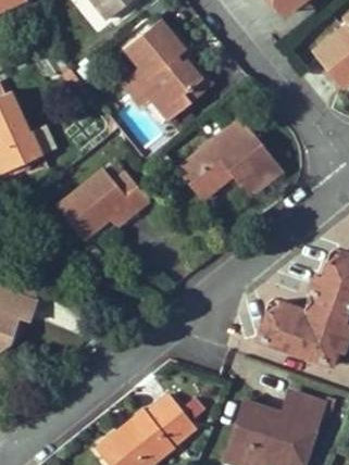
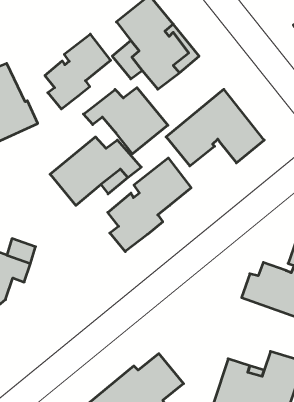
building: none -> [45,34,111,109]
building: none -> [83,88,168,154]
building: none -> [108,158,191,252]

